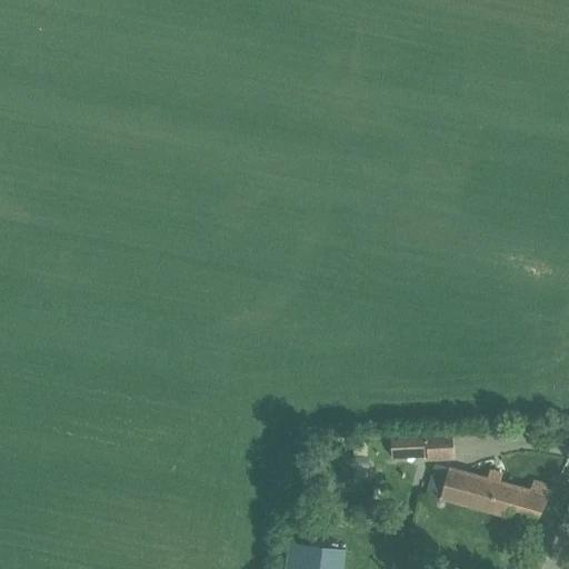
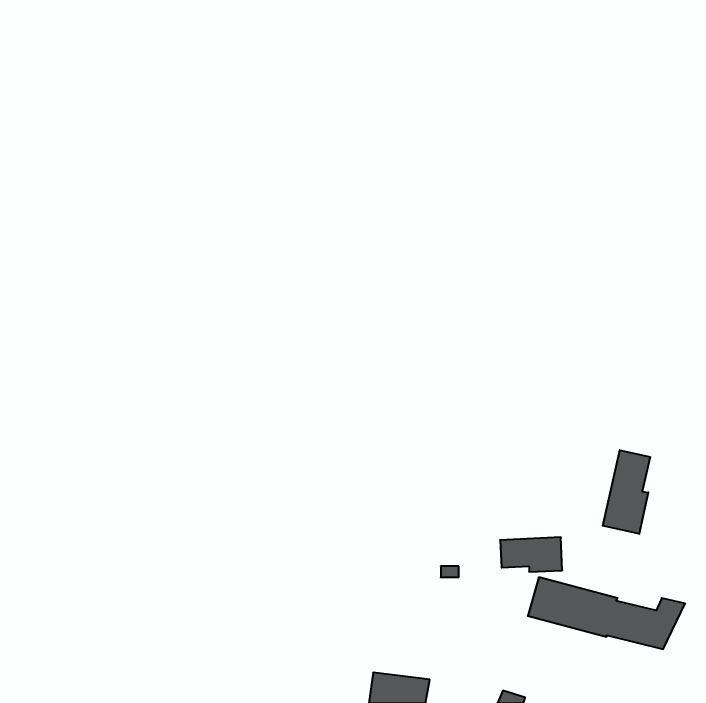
building: none -> [603,450,650,534]

